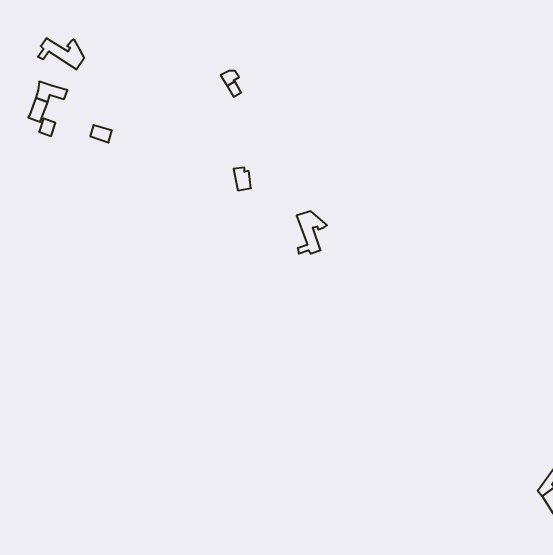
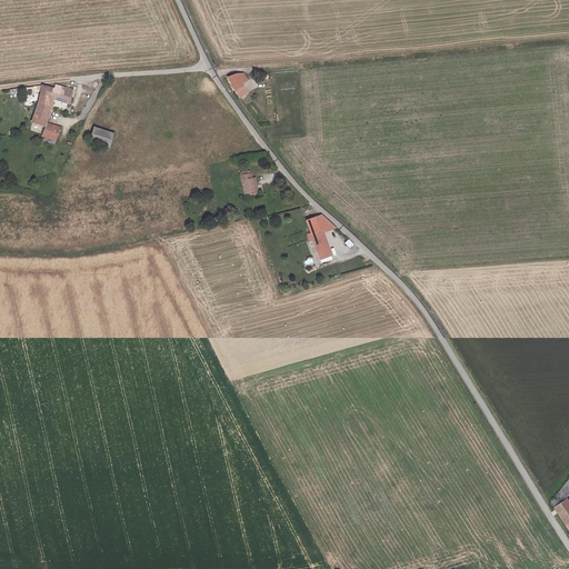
building: [38,38,84,70] -> none

